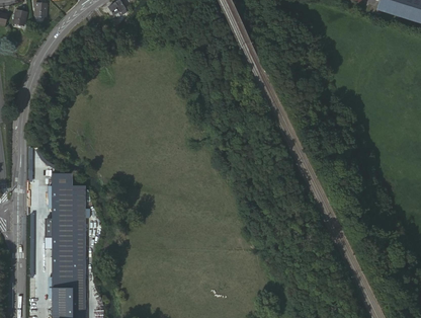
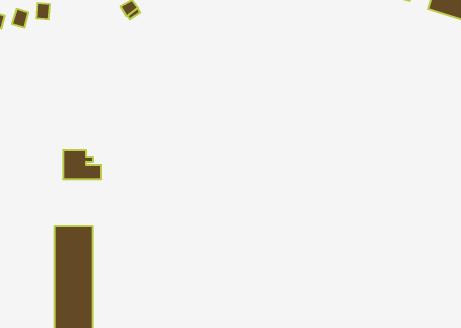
building: [52,174,85,200] -> [63,150,101,179]

